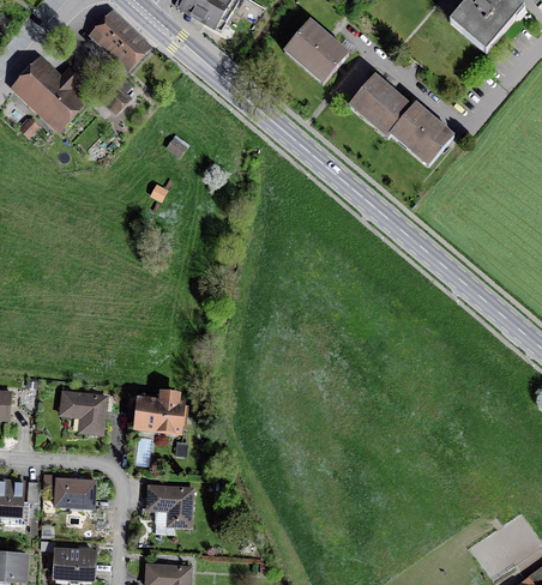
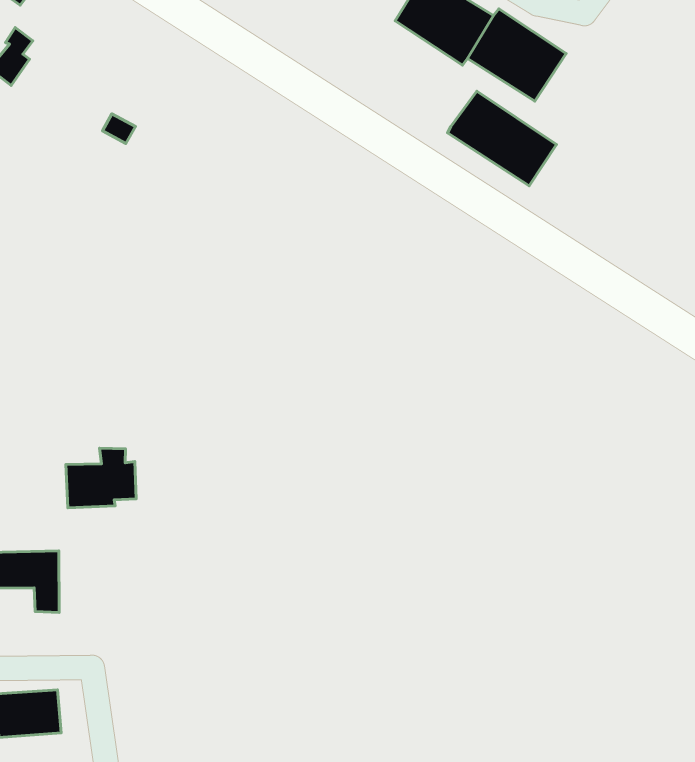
building: none -> [447,91,556,186]
building: [137,393,181,429] -> [66,448,136,508]
building: [147,486,192,525] -> none

